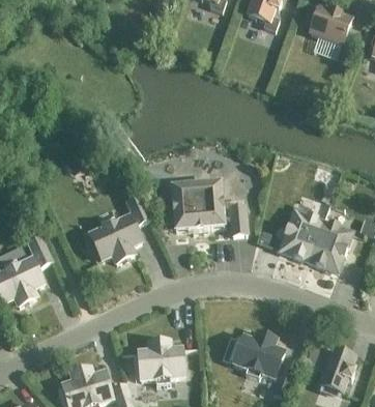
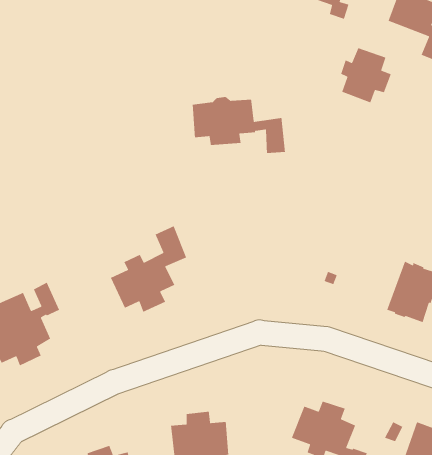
building: none -> [340,47,392,104]
building: [172,188,247,234] -> [192,96,286,154]
building: [280,203,322,260] -> none

